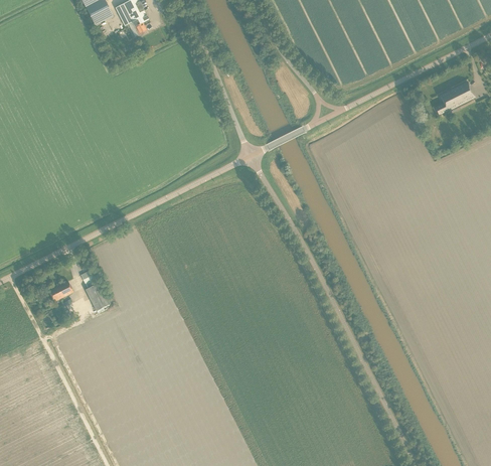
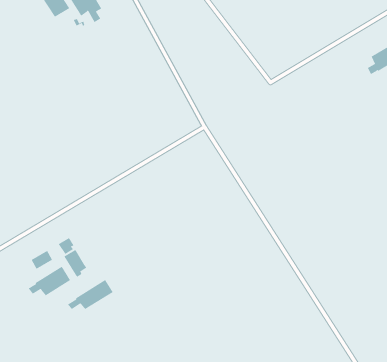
building: none -> [28,266,71,296]
building: none -> [67,279,113,310]

